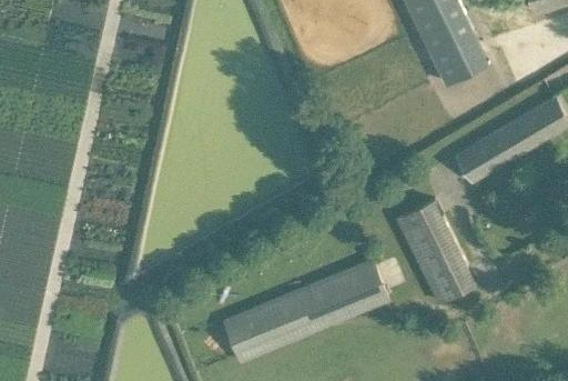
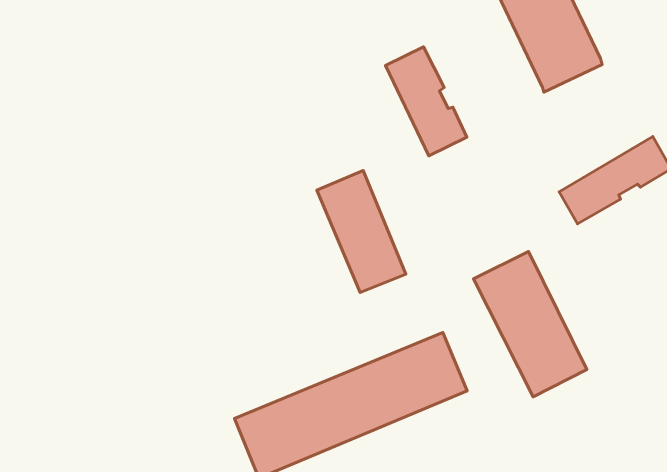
building: none -> [386,47,467,156]
building: none -> [317,171,406,293]

